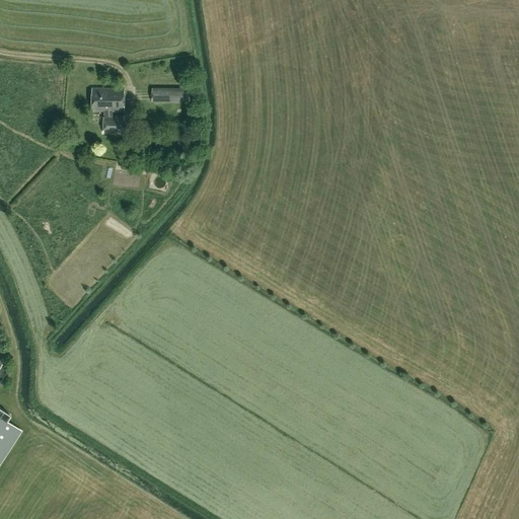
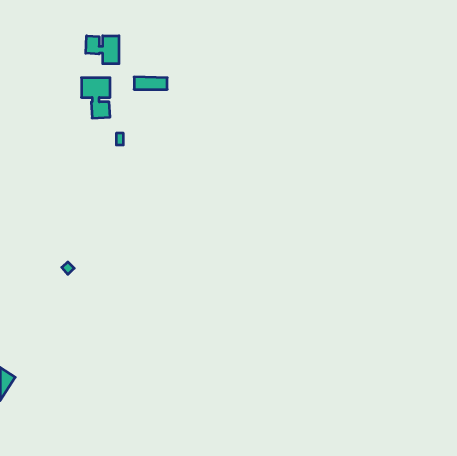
building: none -> [86,36,119,64]

